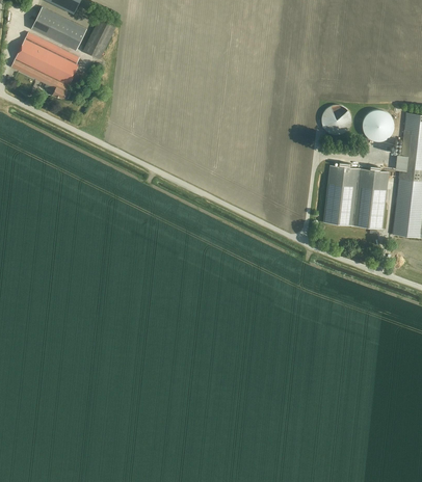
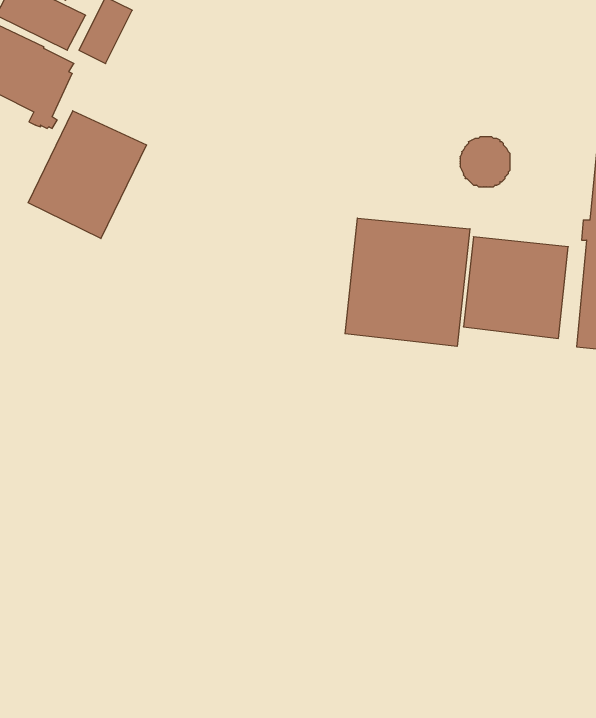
building: none -> [28,111,146,239]
building: [362,108,394,140] -> none
building: none -> [345,218,470,346]

